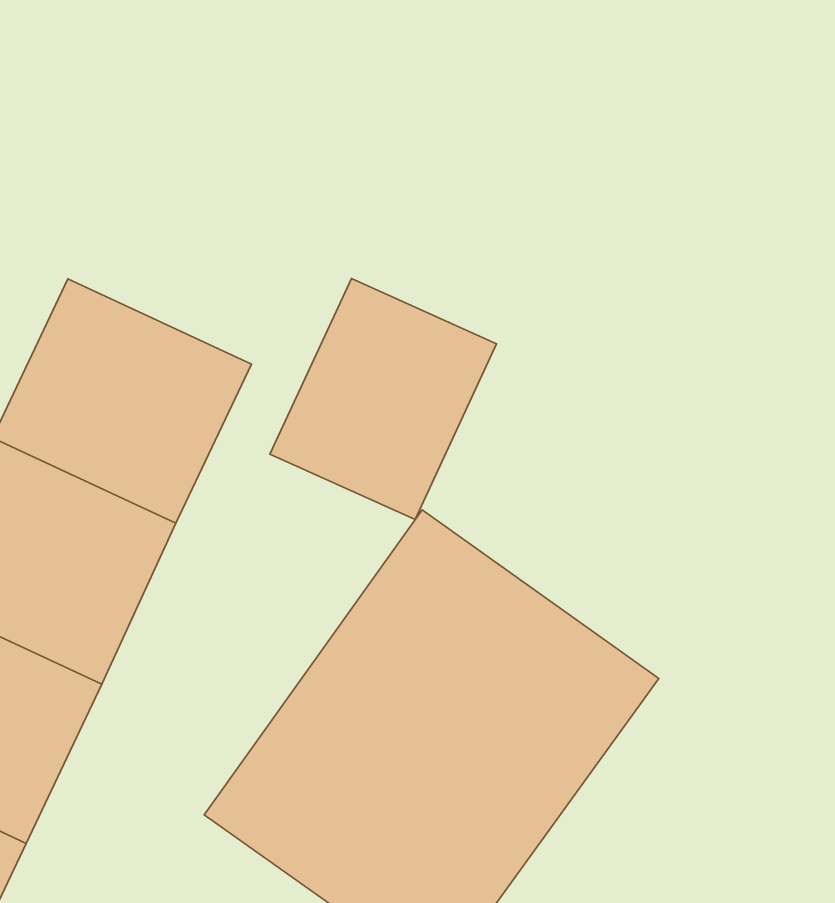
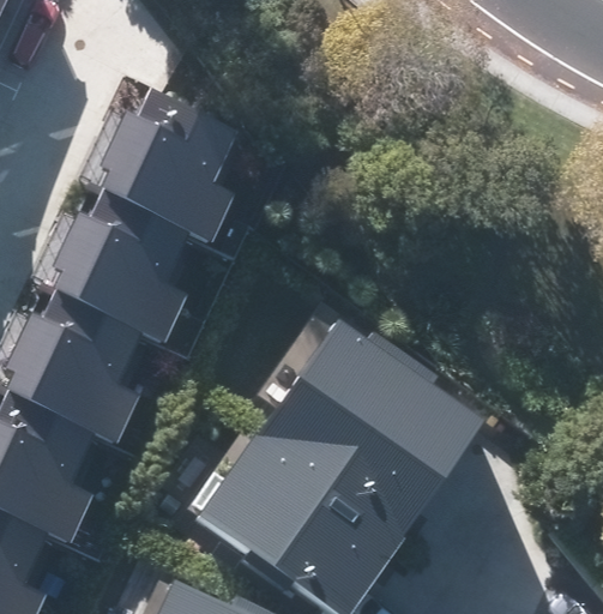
building: none -> [101,76,264,231]
building: [270,278,497,520] -> none

